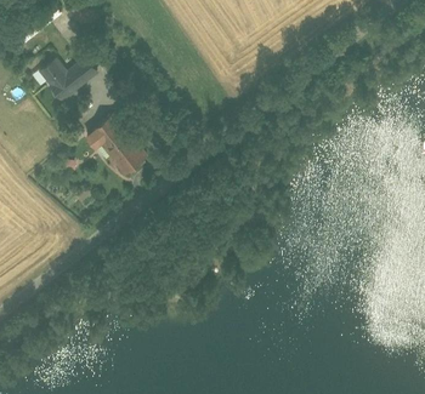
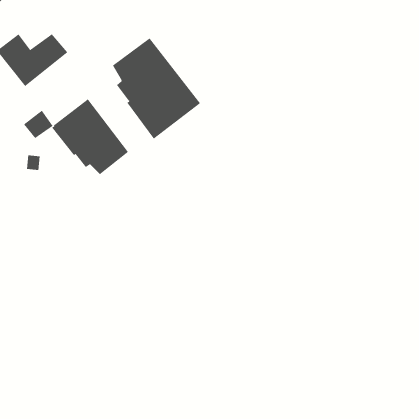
building: none -> [112,38,201,139]

